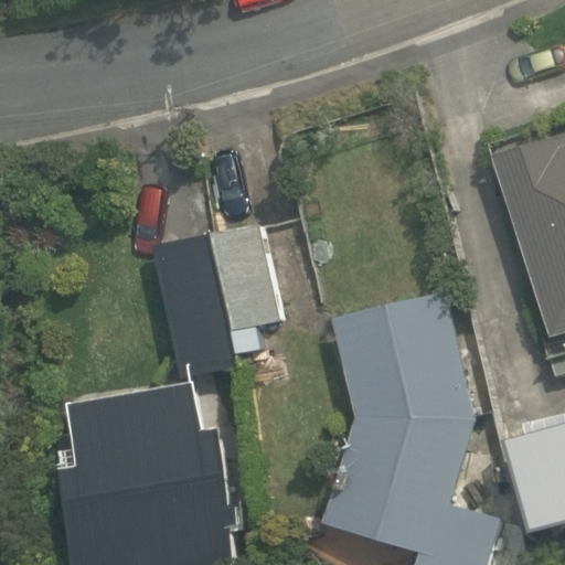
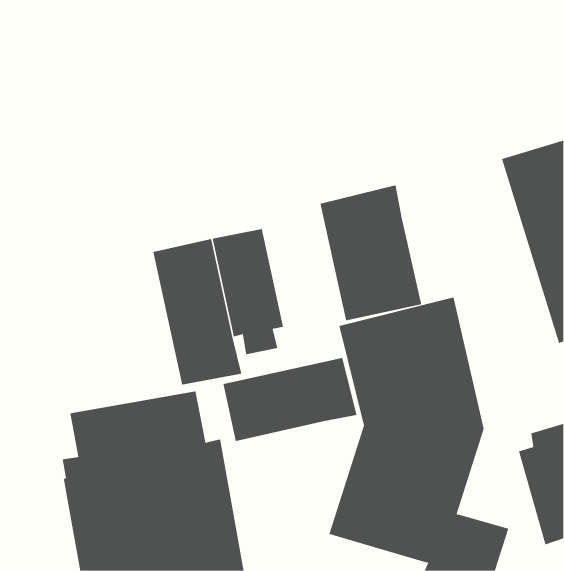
building: none -> [320,185,422,321]
building: none -> [223,357,357,442]

